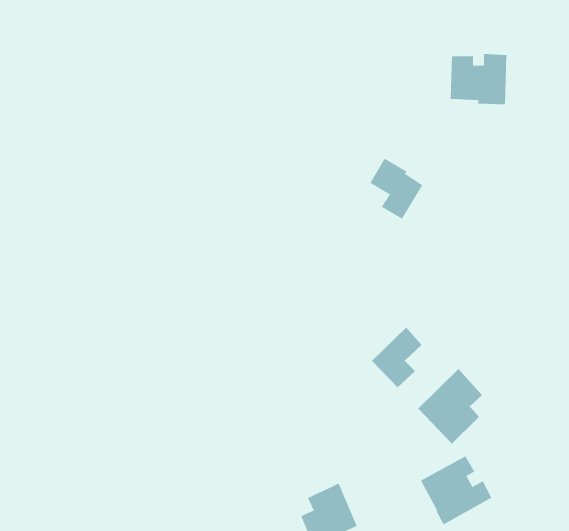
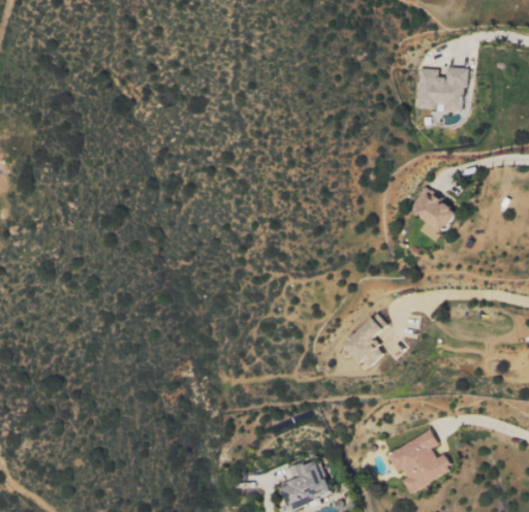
building: [369,158,423,219] -> [408,186,457,242]
building: [417,368,483,444] -> none

